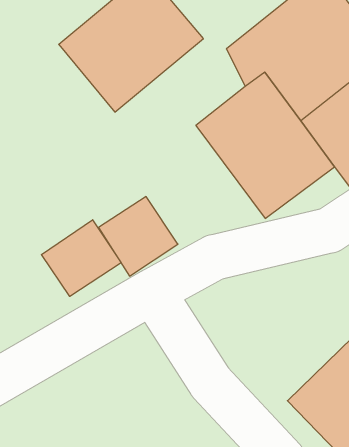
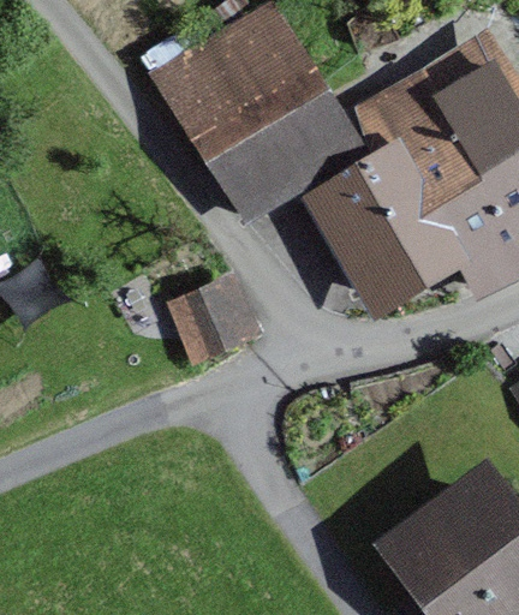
building: none -> [208,86,370,227]
building: [41,220,121,296] -> none

